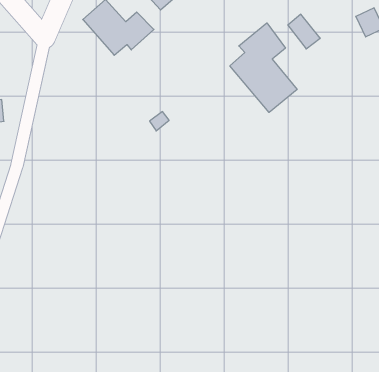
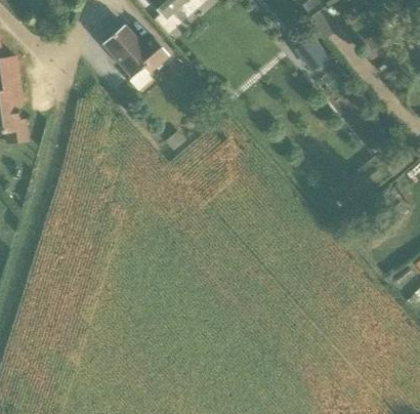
building: [230,23,297,112] -> none

